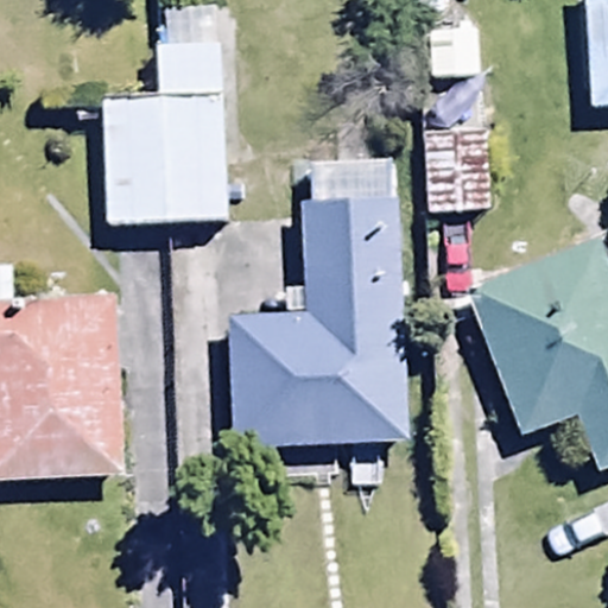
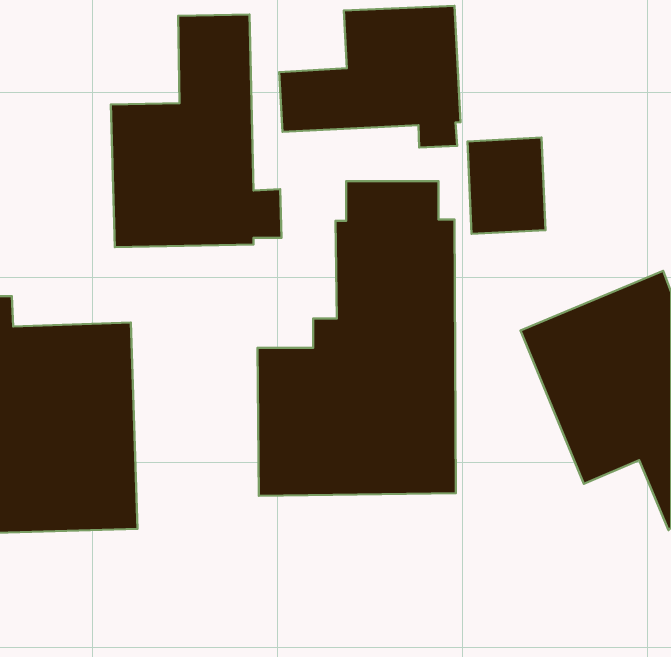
building: none -> [279,6,461,148]

